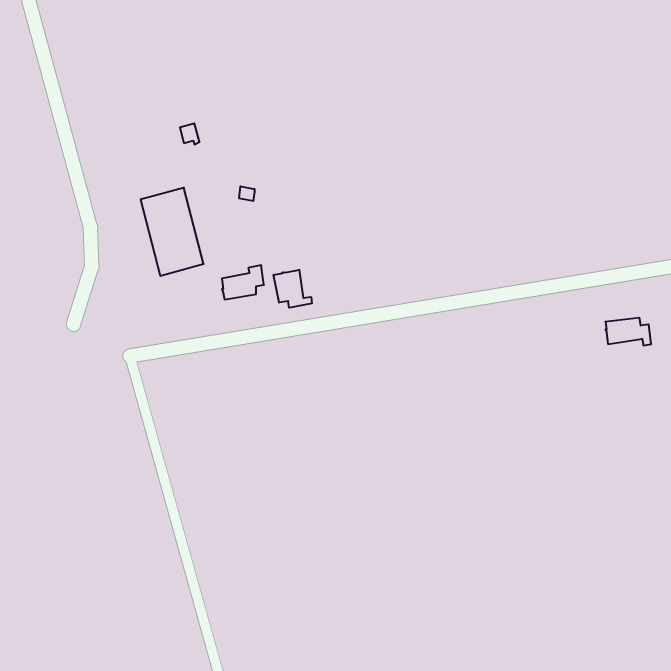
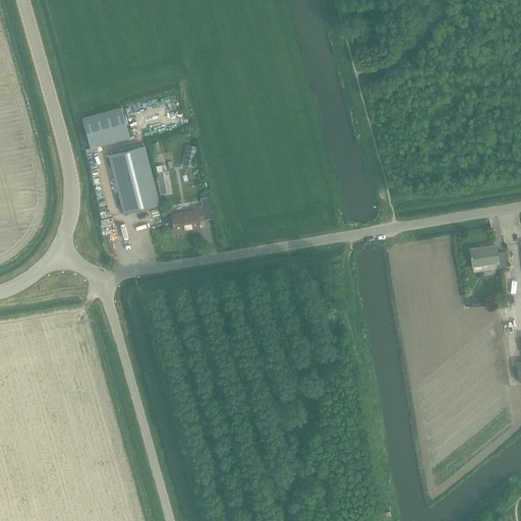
building: none -> [82,108,129,148]
building: [274,270,312,308] -> none

